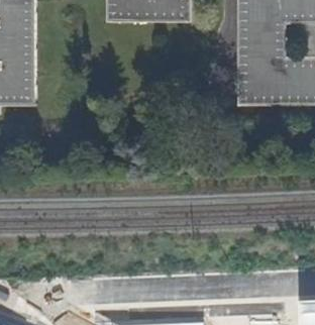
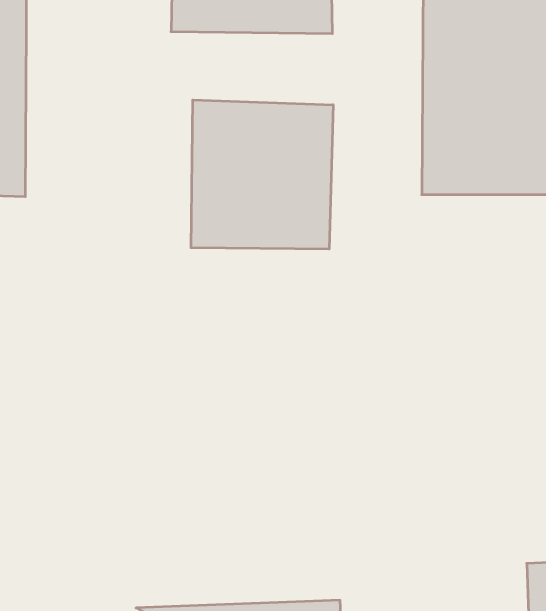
building: none -> [191,100,333,249]

